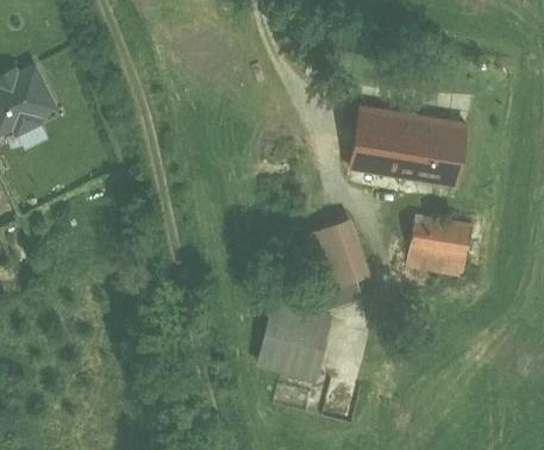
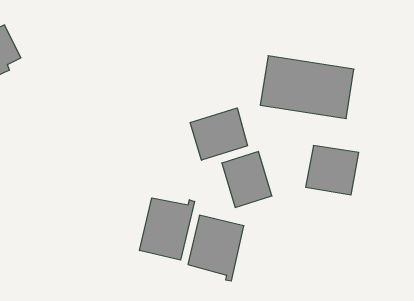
building: none -> [190,108,247,160]
building: none -> [140,198,195,260]

